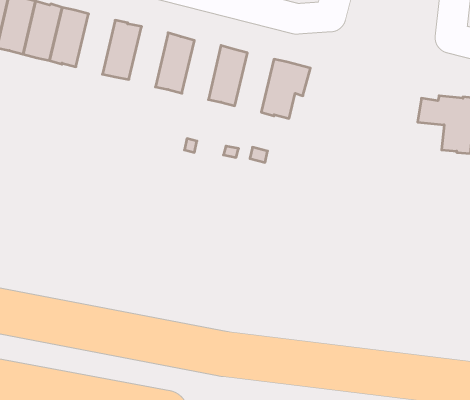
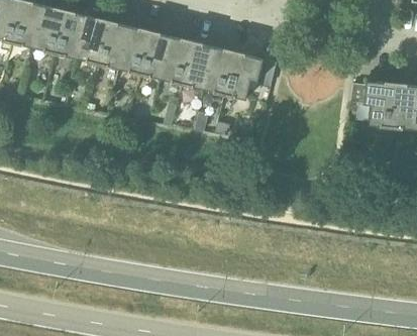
building: none -> [76,15,107,64]
building: none -> [118,25,149,74]
building: none -> [161,36,192,84]
building: none -> [203,46,234,94]

